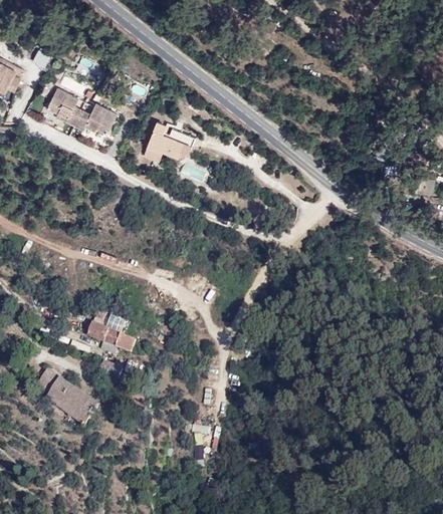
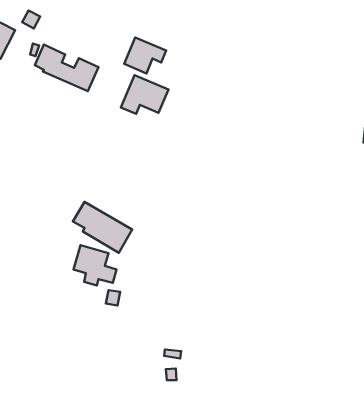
building: none -> [124,37,166,73]
building: [32,367,98,425] -> [73,202,132,253]

